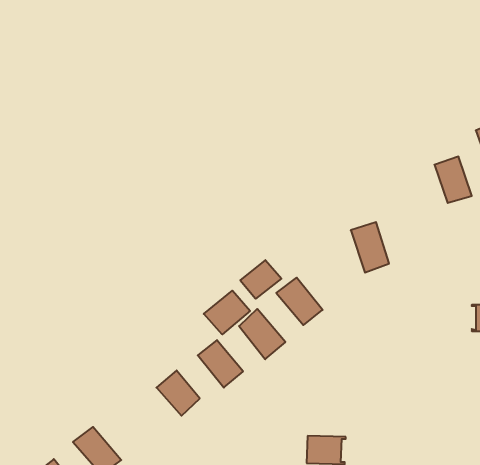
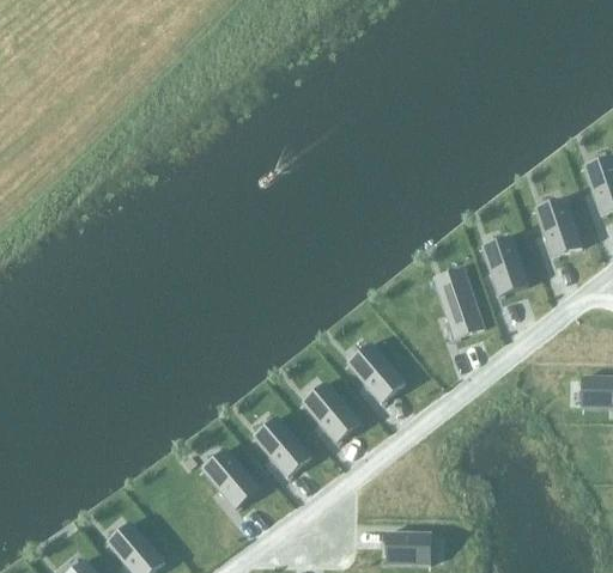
building: none -> [485,243,528,294]
building: [240,260,281,299] -> none
building: [204,291,250,334] -> none

